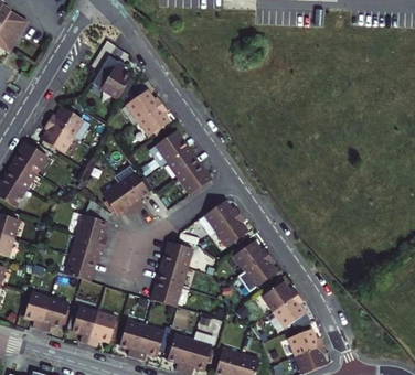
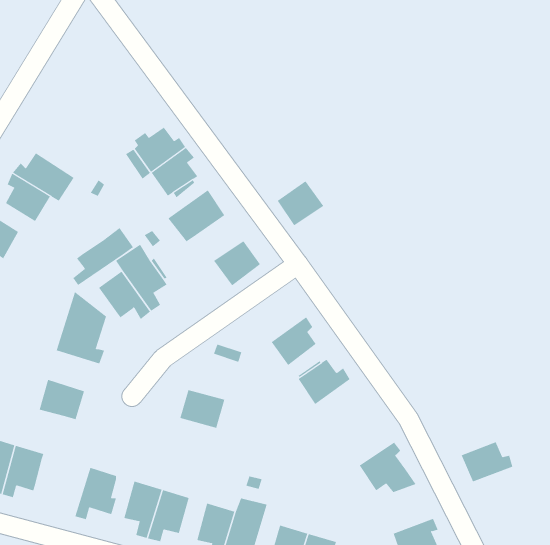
building: [93,55,131,98] -> none
building: [168,148,199,178] -> [277,181,324,226]
building: none -> [72,227,134,286]
building: [198,201,240,235] -> none
building: [71,236,105,262] -> none
building: [162,242,192,268] -> none
building: [237,255,276,291] -> none
building: [151,280,181,307] -> none
building: [263,282,297,311] -> none
building: [73,308,98,344] -> none
building: [288,329,322,355] -> [461,442,513,482]

